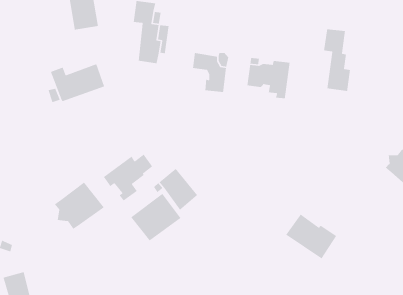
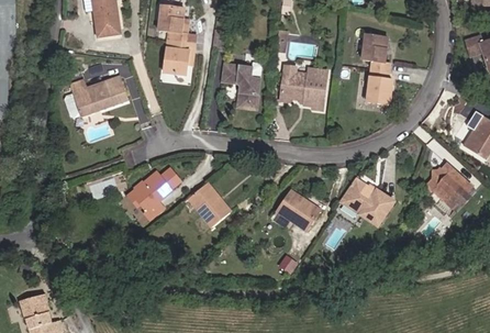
building: none -> [280,193,320,231]
building: [54,182,105,230] -> none
building: [130,193,181,242] -> none
building: [285,213,337,259] -> [341,175,397,224]

